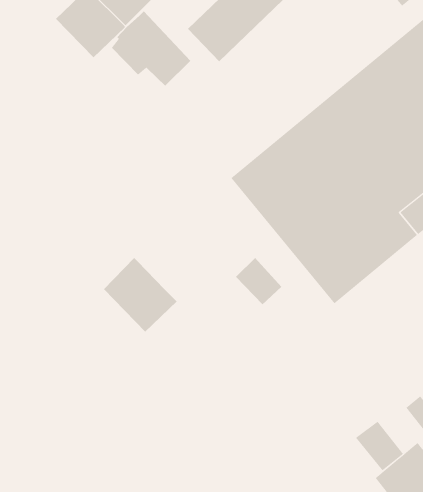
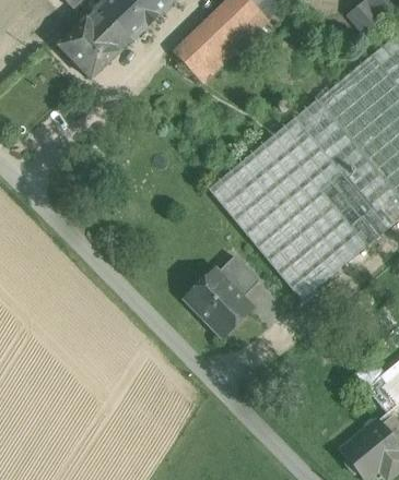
building: [111,11,191,87] -> none
building: [103,257,177,332] -> [185,269,250,336]
building: [355,421,404,471] -> none

